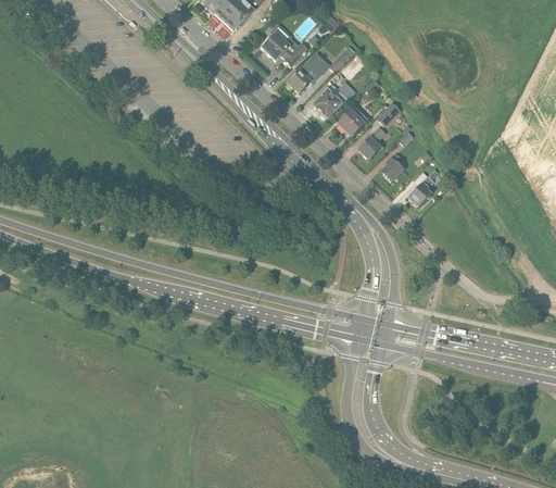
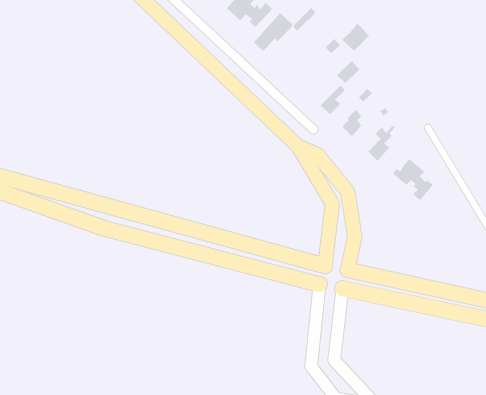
building: [312,84,346,118] -> none
building: [338,105,367,136] -> [342,22,370,51]
building: none -> [392,158,434,201]

